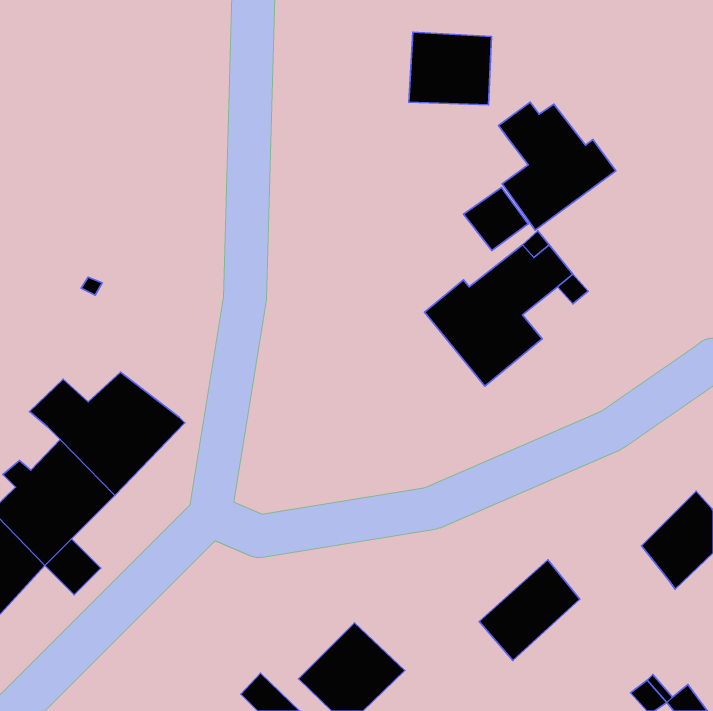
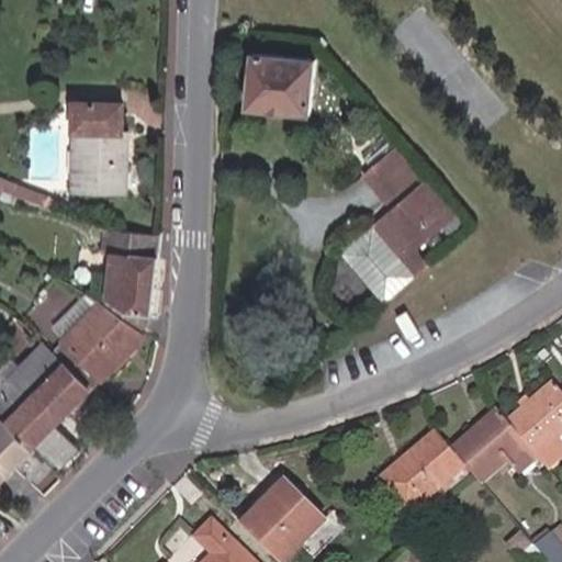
building: [409,32,491,105] -> [246,53,311,110]
building: [498,102,616,230] -> none
building: none -> [75,100,131,190]
building: none -> [103,226,158,327]
building: none -> [429,414,524,485]

